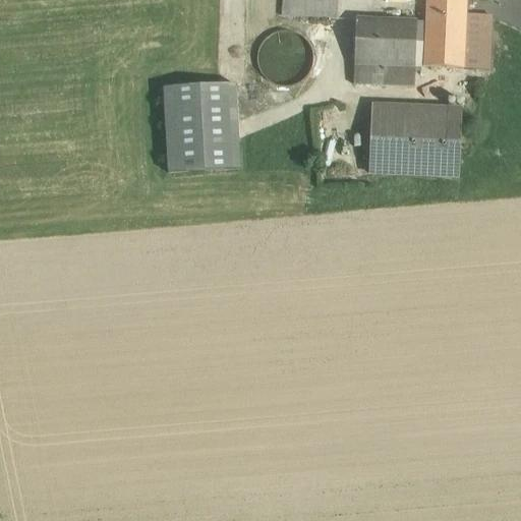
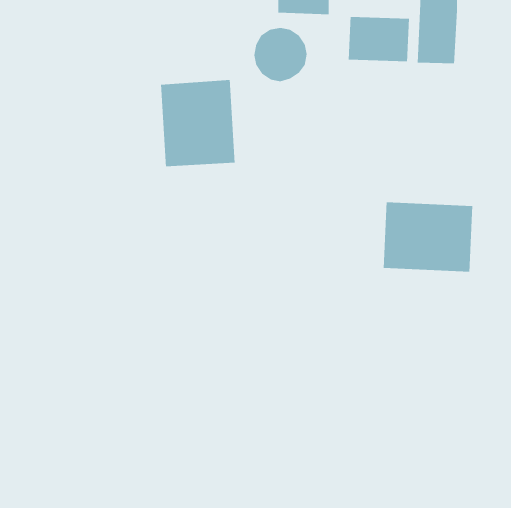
building: [462,10,489,66] -> none
building: [353,61,414,83] -> none
building: [368,102,460,174] -> [383,201,473,273]

